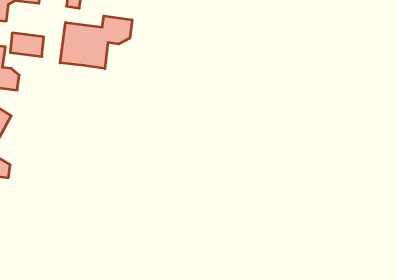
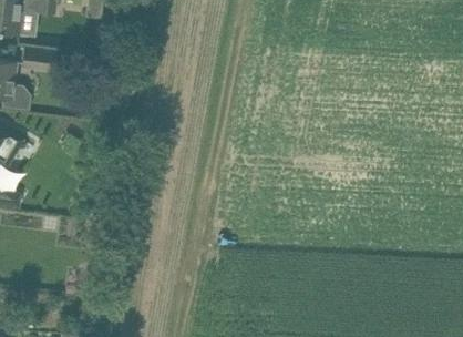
building: [60,16,132,69] -> none

